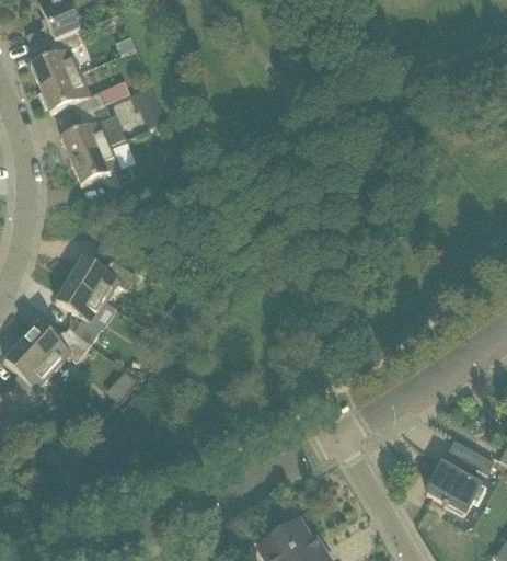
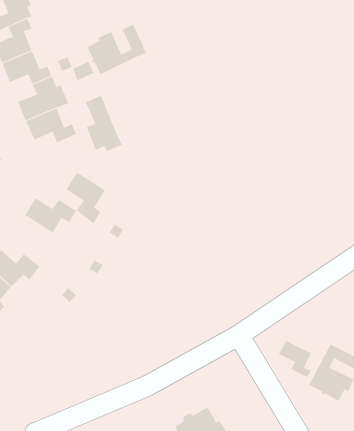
building: none -> [86,24,147,75]
building: none -> [85,95,123,152]
building: [56,277,106,343] -> [65,172,106,224]
building: none -> [278,340,311,378]

